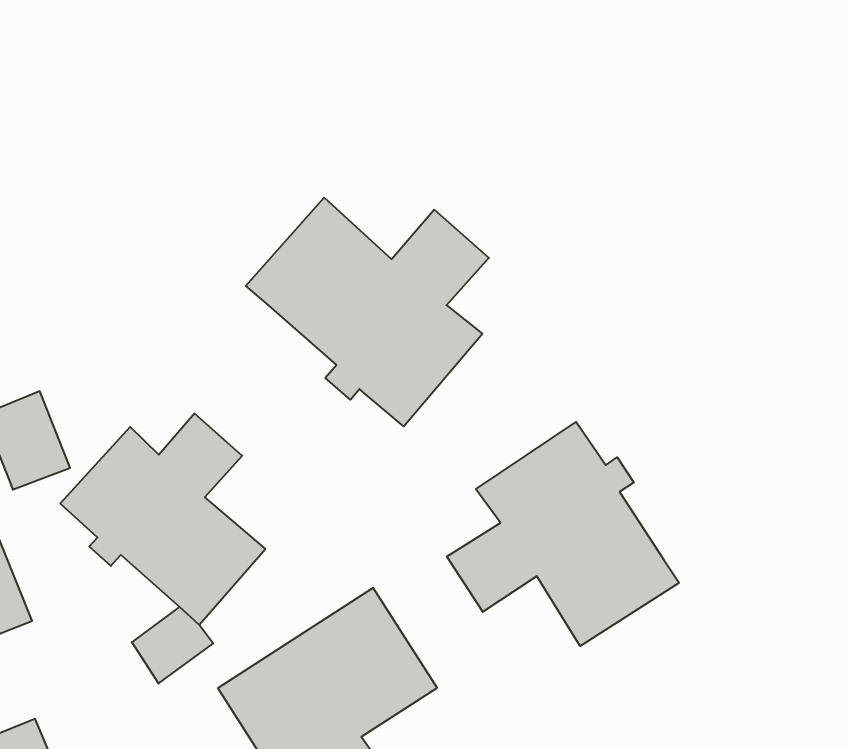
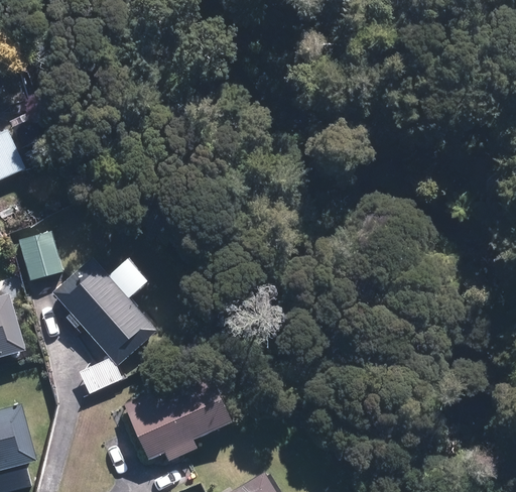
building: [246,198,489,426] -> none
building: [447,422,679,646] -> none

